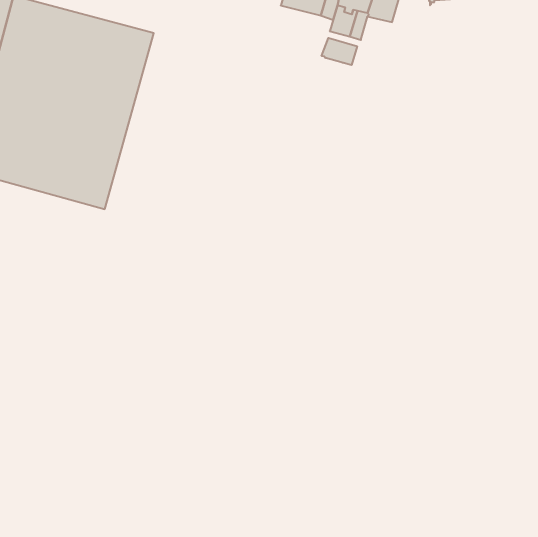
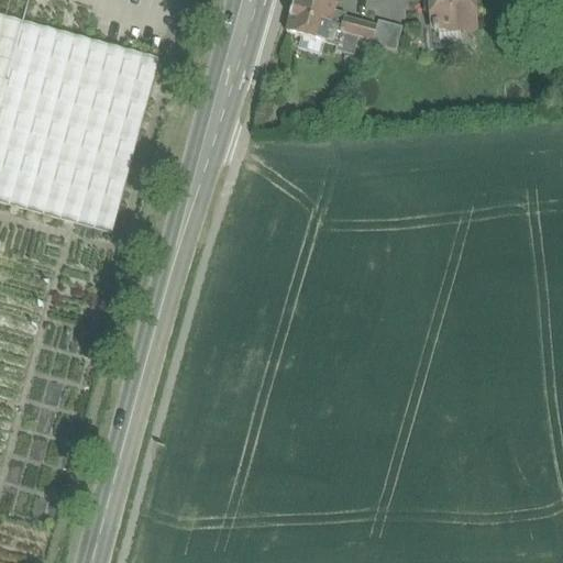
building: [322,38,357,65] -> none

